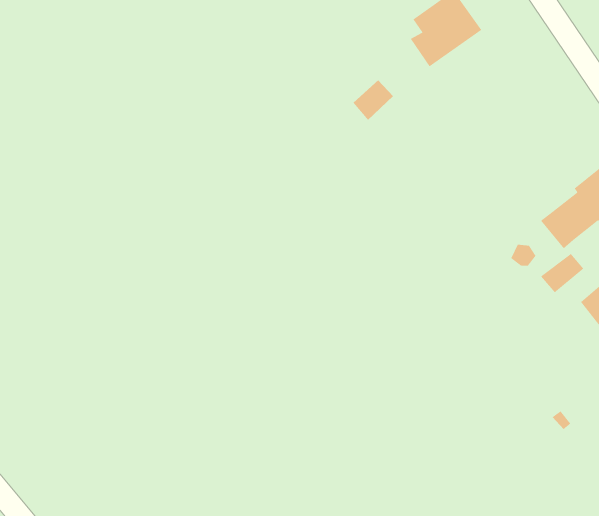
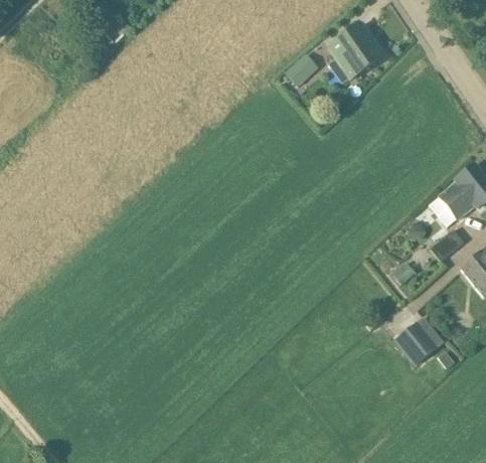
building: [352,79,394,121] -> [284,52,316,85]
building: none -> [396,321,438,363]

